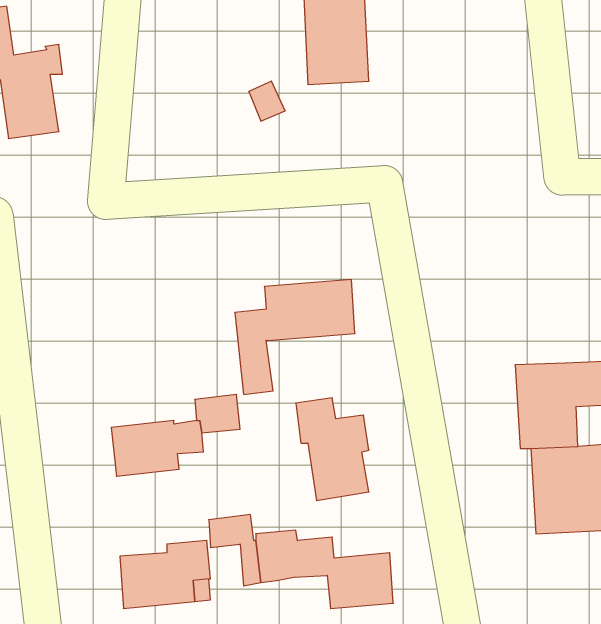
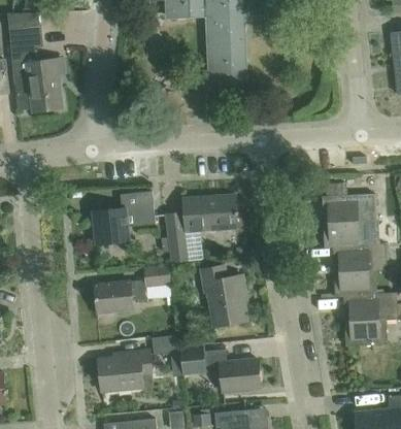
building: none -> [323,182,376,246]
building: none -> [94,190,155,243]

